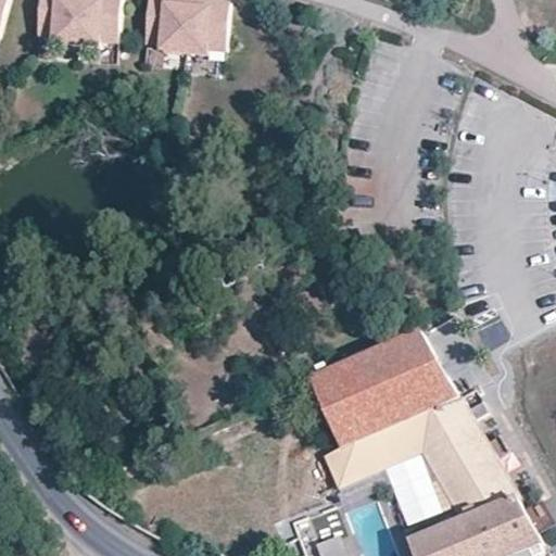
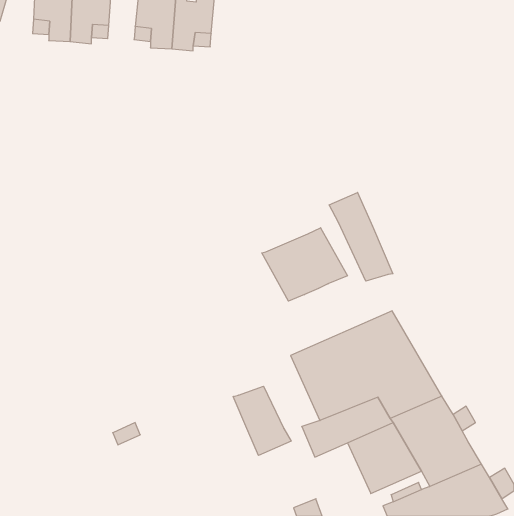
building: none -> [329,192,393,281]
building: none -> [262,228,347,301]
building: none -> [233,386,291,455]

